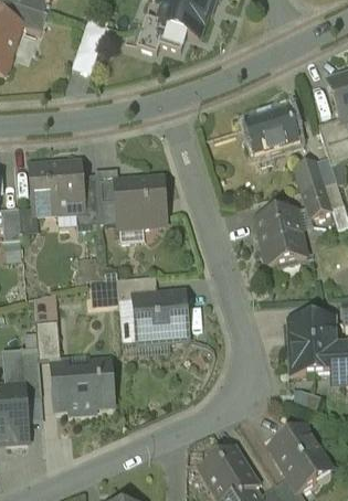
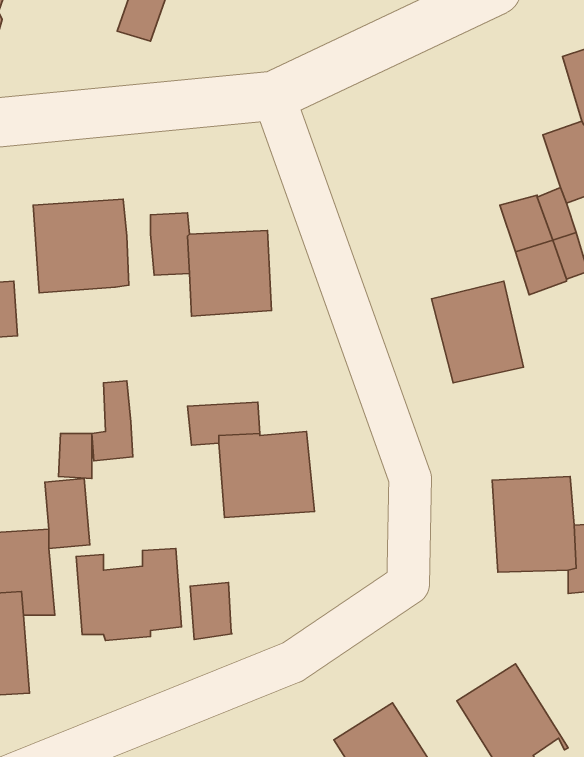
building: [242,106,297,153] -> none
building: [76,181,99,226] -> [92,381,133,461]
building: none -> [190,583,232,640]

